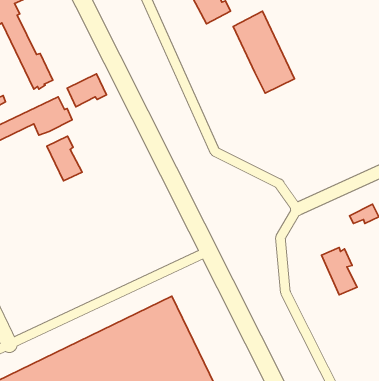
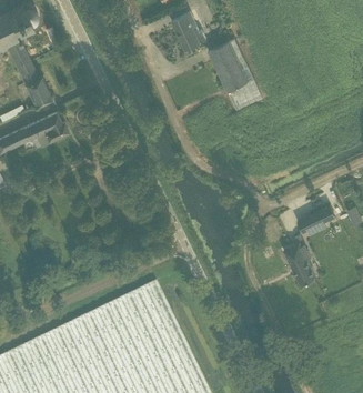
building: [67,74,107,107] -> none
building: [47,136,82,181] -> none

